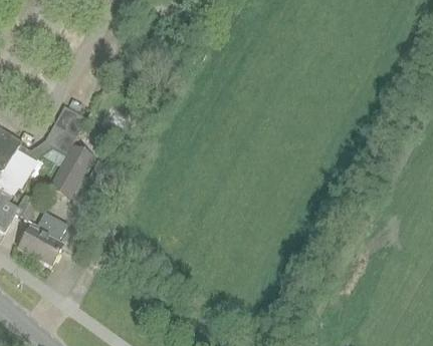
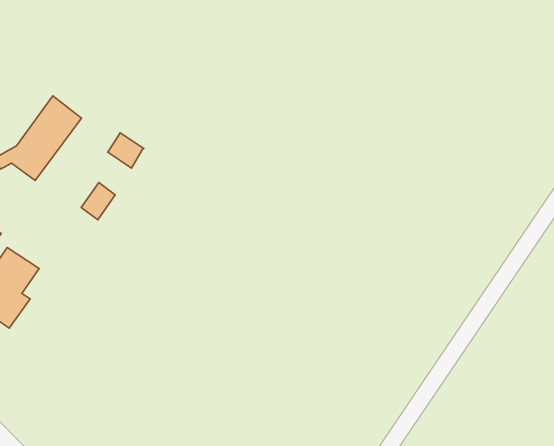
building: [49,143,93,198] -> none

